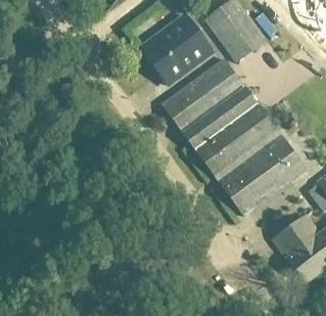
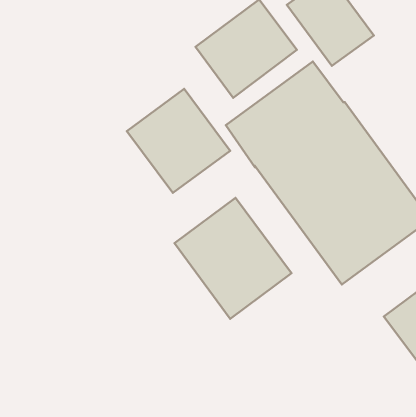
building: none -> [127,89,230,193]
building: none -> [175,198,291,319]

